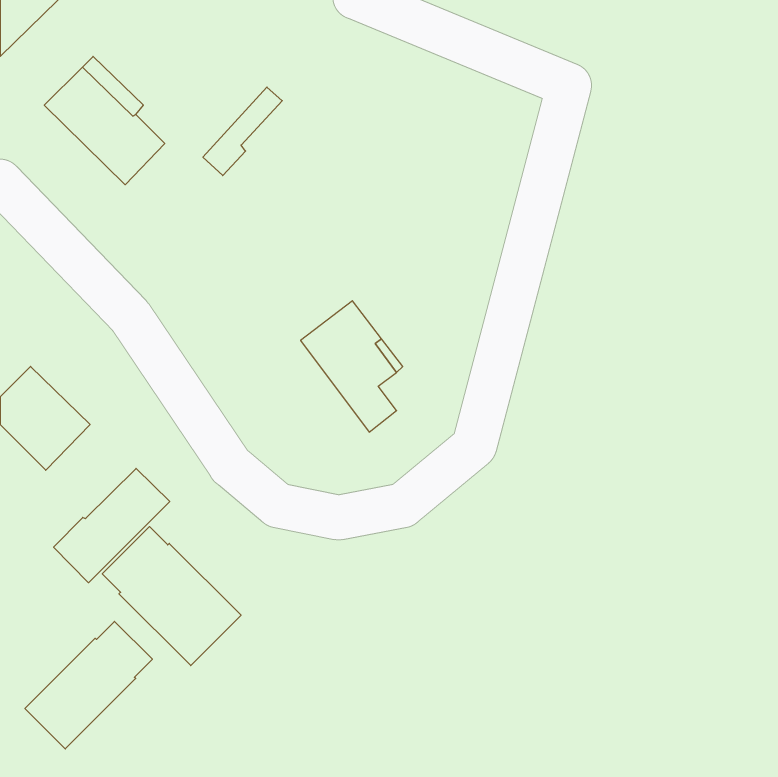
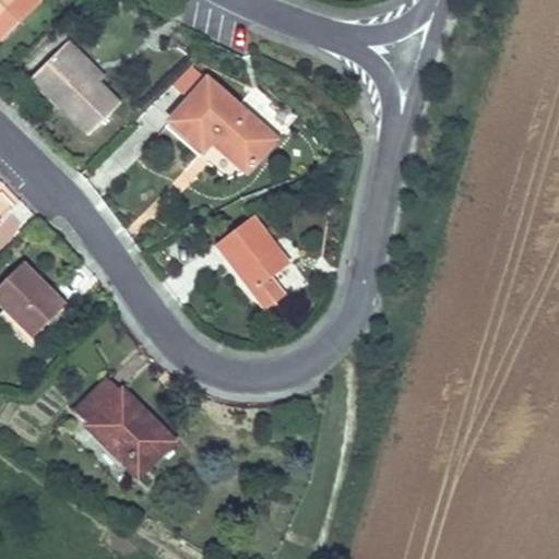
building: none -> [170,78,277,171]
building: [54,468,170,583] -> none
building: [25,621,152,749] -> none

